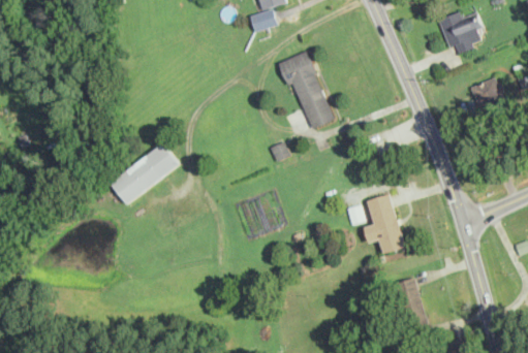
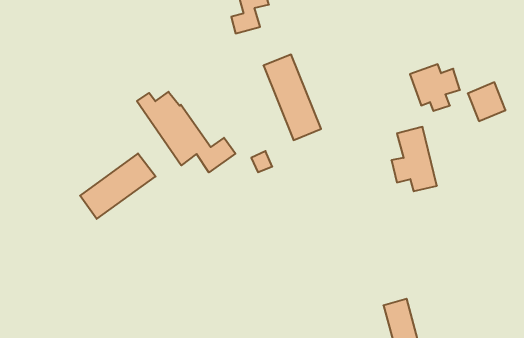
building: [437,10,484,54] -> [410,64,460,111]
building: none -> [137,92,235,172]
building: [362,194,404,254] -> [391,127,437,191]

